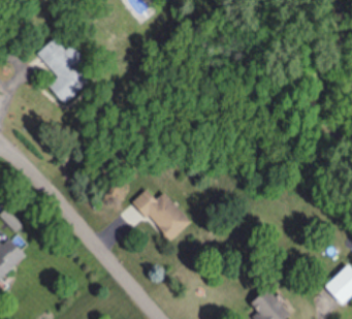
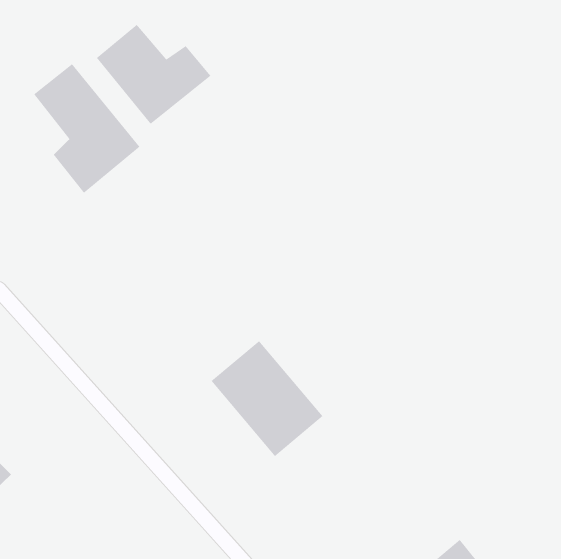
building: none -> [96,24,211,125]

